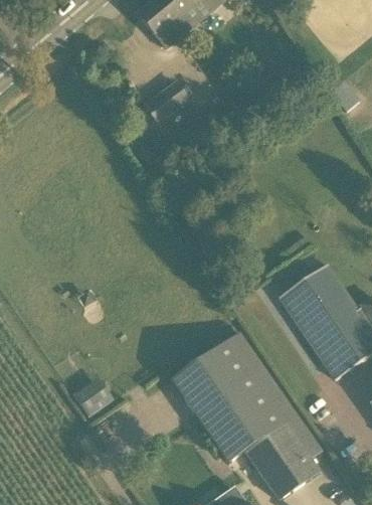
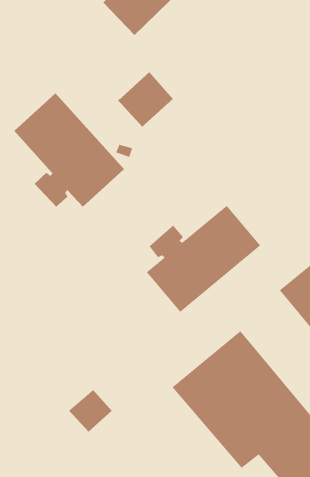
building: none -> [13,92,125,208]
building: none -> [146,205,261,313]

